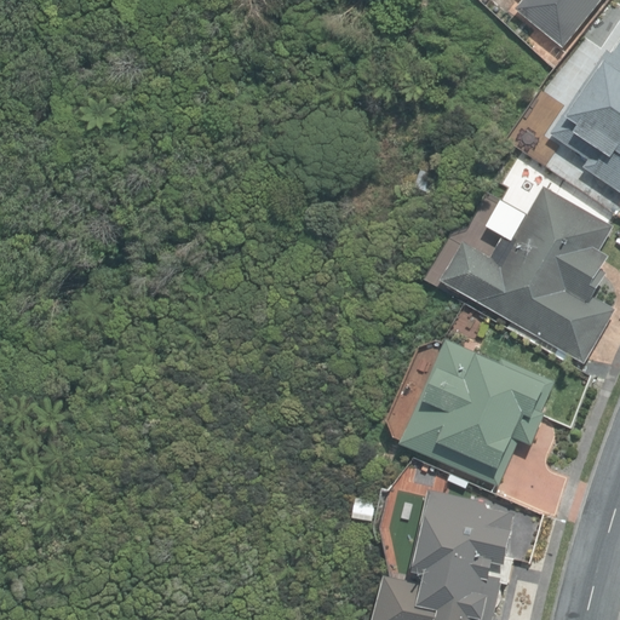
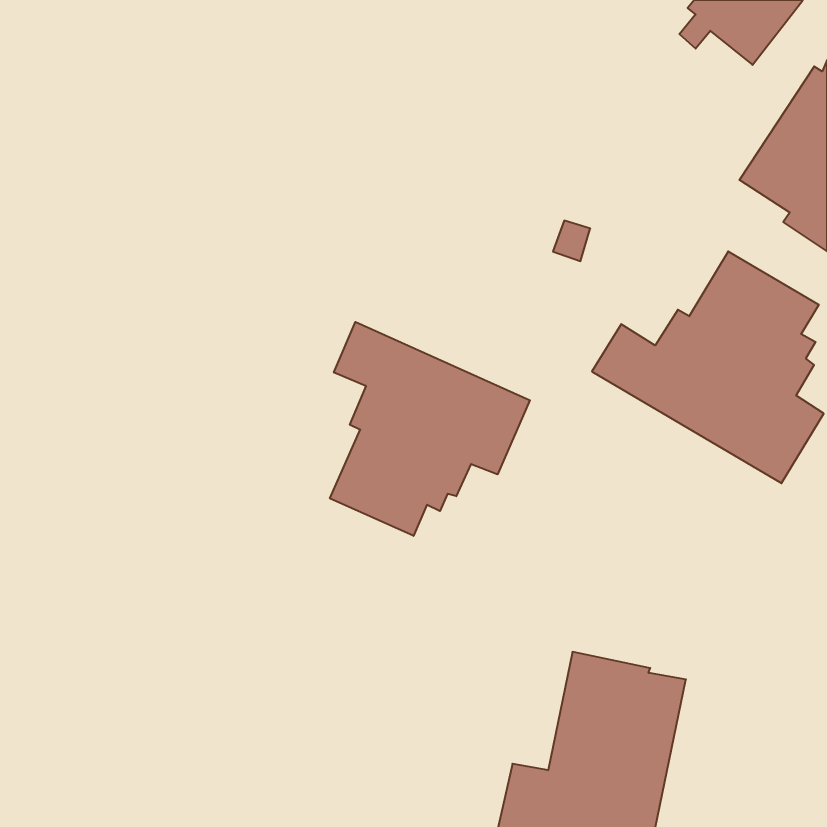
building: none -> [330,322,530,536]
building: [396,334,553,484] -> none

